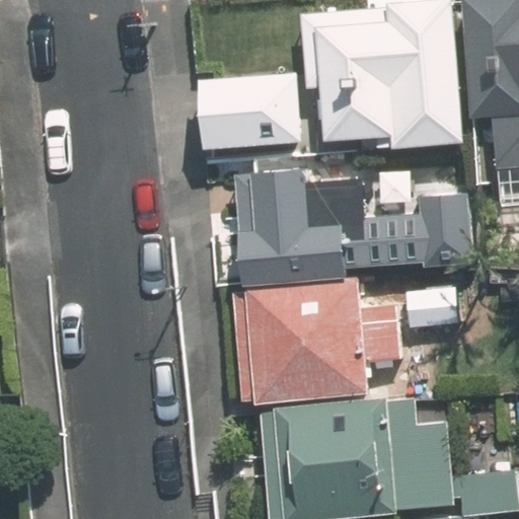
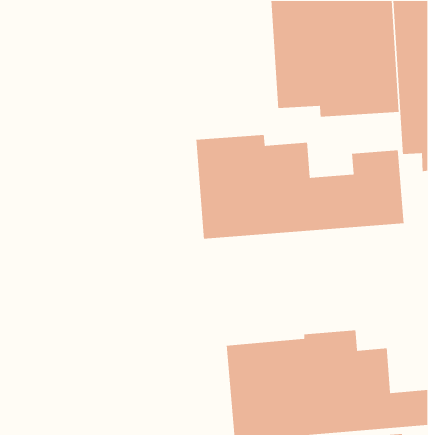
building: [200,77,293,159] -> none
building: [245,277,458,405] -> none

